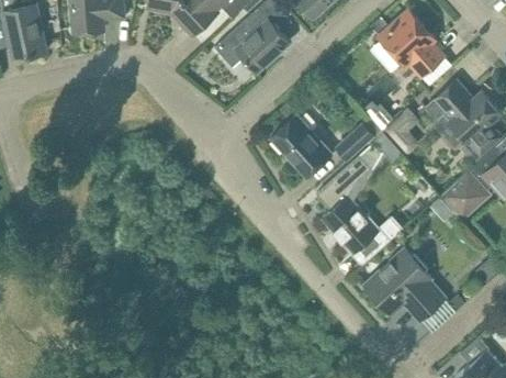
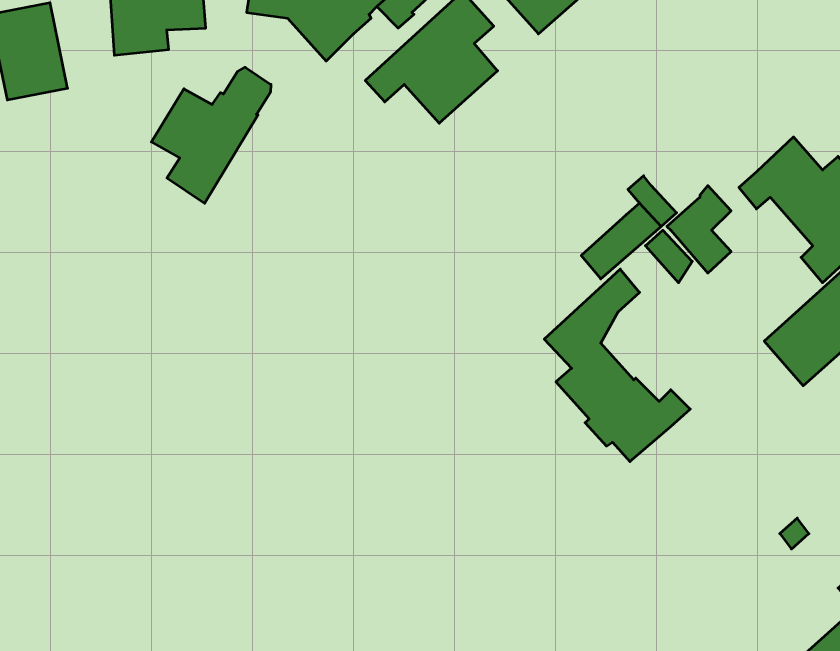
building: [378,9,443,76] -> none
building: none -> [151,67,271,203]
building: [270,103,331,177] -> none
building: [357,248,443,320] -> none

